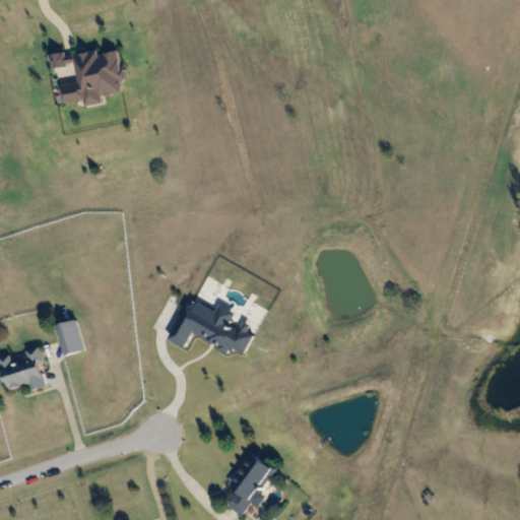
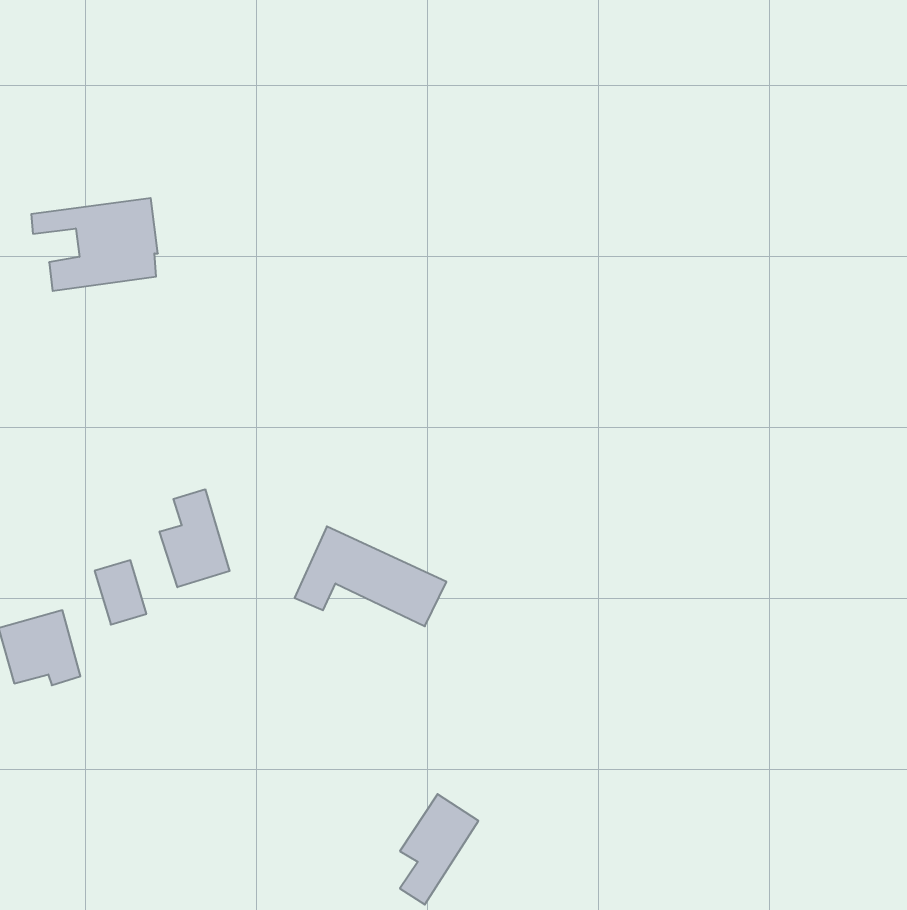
building: [49,49,121,102] -> [31,198,158,291]
building: none -> [160,489,230,587]

